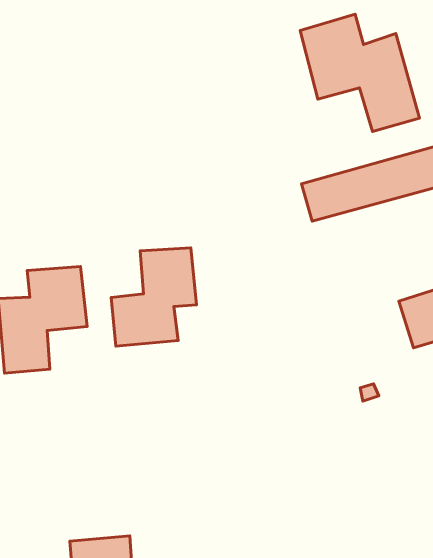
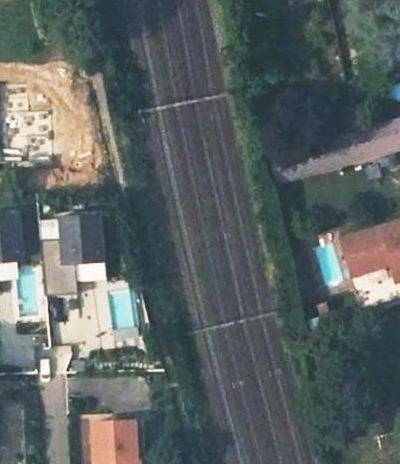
building: [300,14,420,131] -> none
building: [111,248,196,346] -> none

